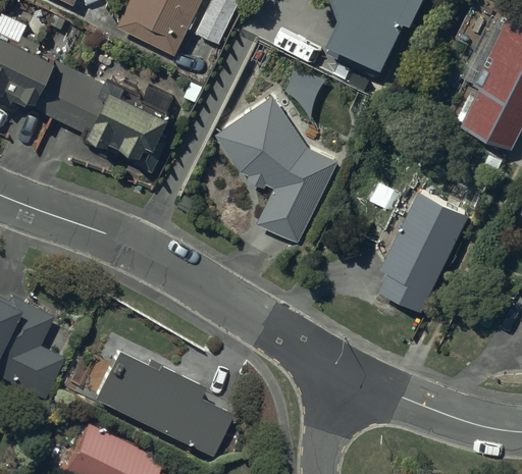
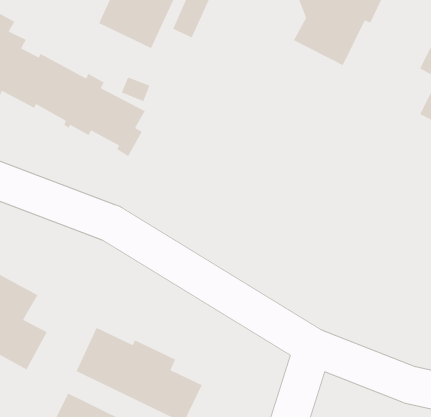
building: [215,95,338,244] -> none
building: [378,192,468,313] -> none

